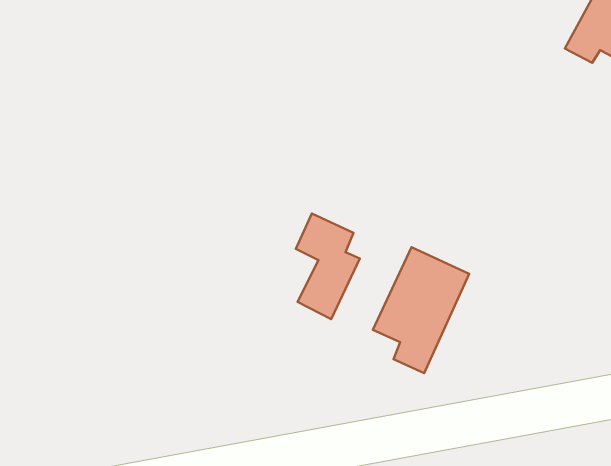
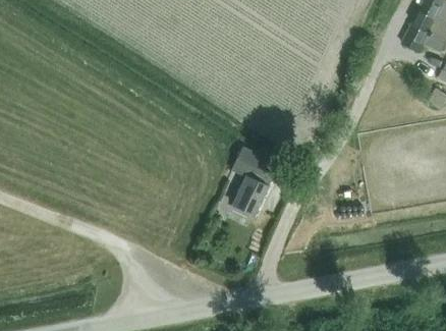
building: [373,247,469,373] -> none

